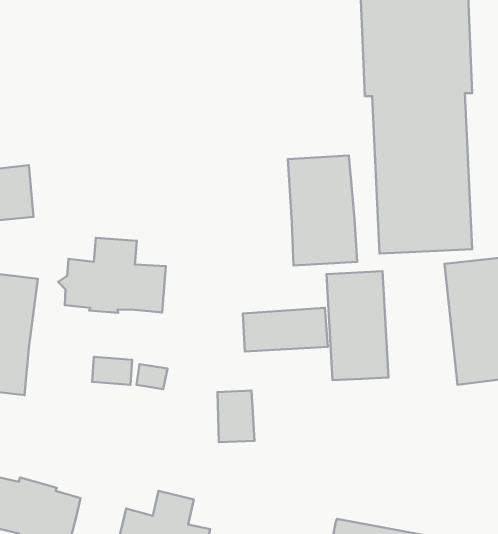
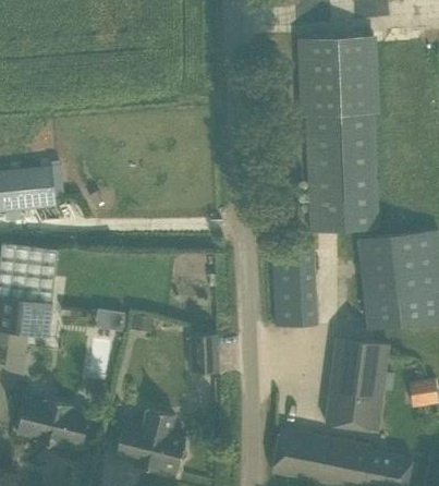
building: [288,155,357,265] -> none
building: [58,238,166,313] -> none
building: [243,308,328,351] -> none
building: none -> [324,338,390,433]

